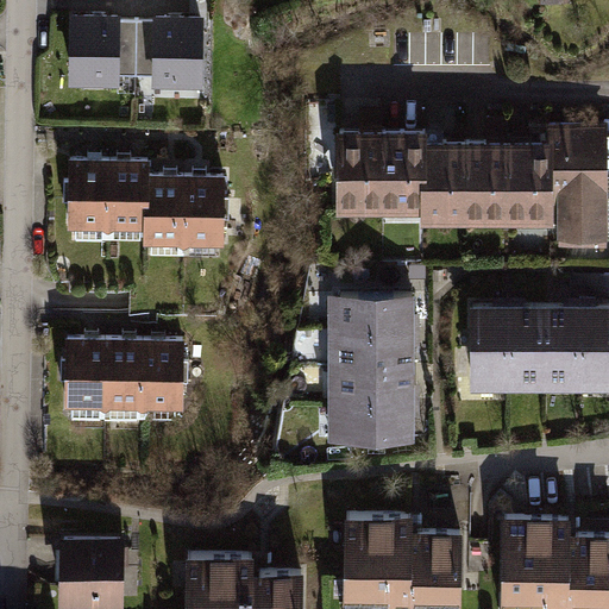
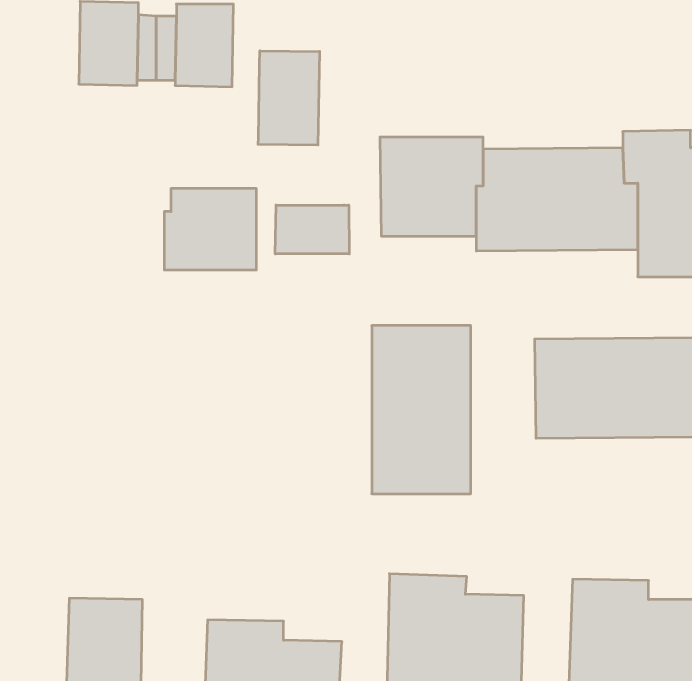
building: none -> [258,51,320,145]
building: [69,159,151,232] -> none
building: none -> [275,205,349,254]
building: [65,338,187,412] -> none

